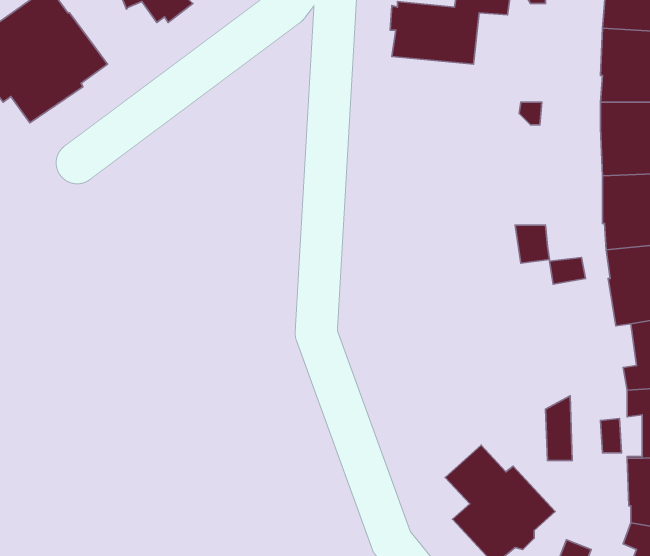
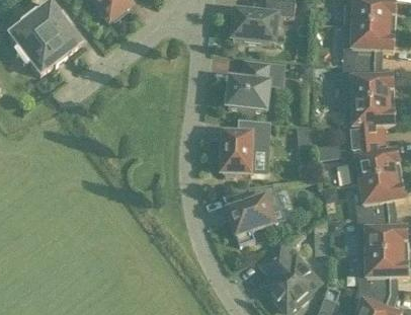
building: none -> [225,61,285,110]
building: none -> [222,119,270,173]
building: none -> [227,183,279,244]

